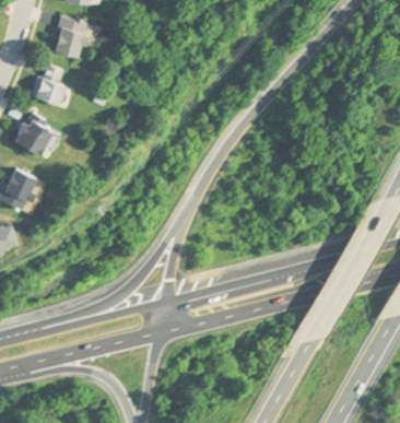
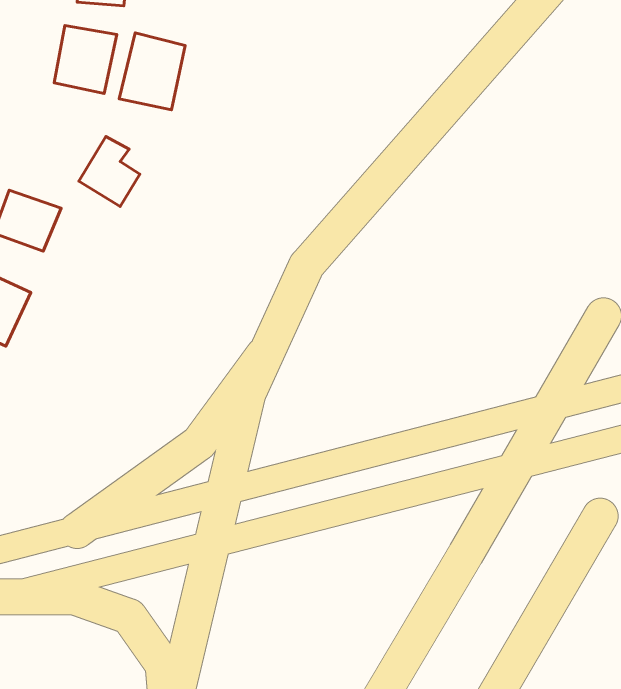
building: none -> [119,33,185,110]
building: [32,64,69,107] -> [79,137,140,206]

